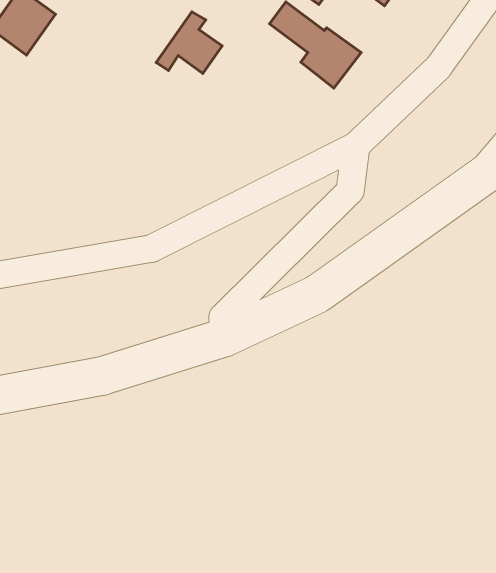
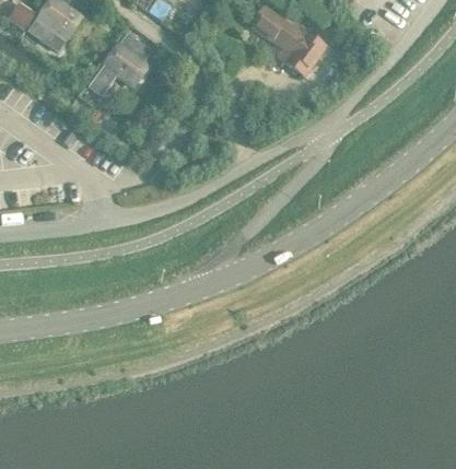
building: [156,12,222,73] -> [96,36,149,85]

